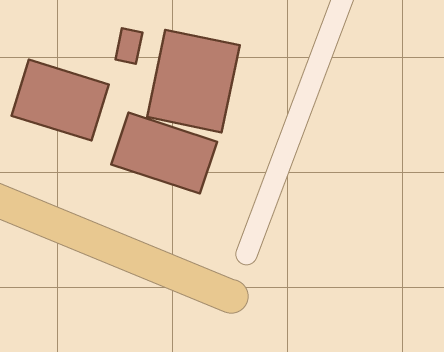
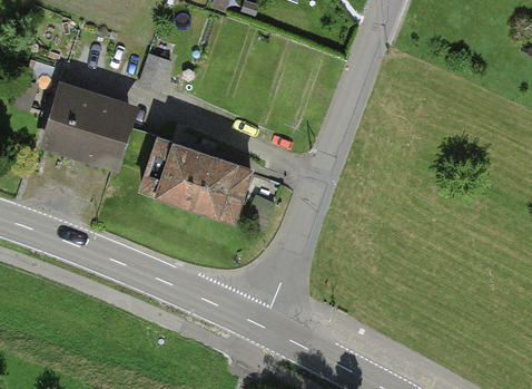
building: [147,30,240,132] -> none

